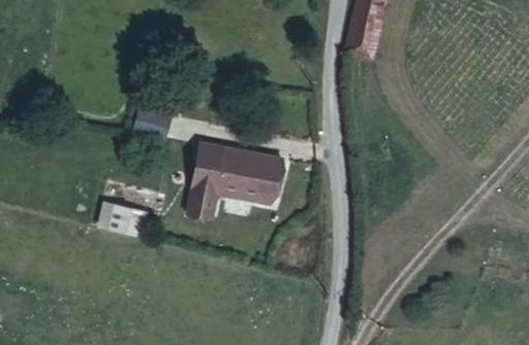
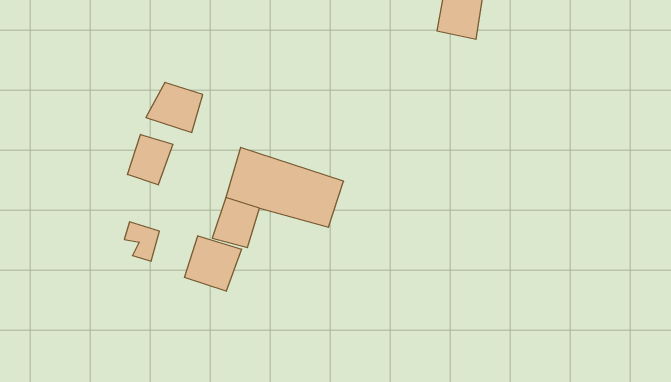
building: none -> [128,134,173,185]
building: none -> [185,236,242,291]

